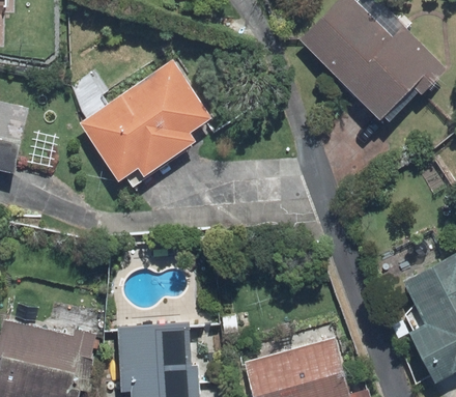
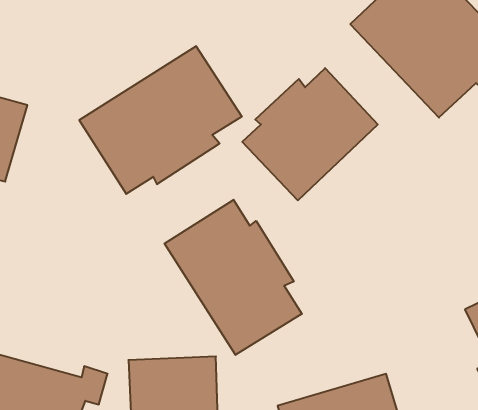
building: none -> [242,68,378,200]
building: none -> [165,200,302,355]

